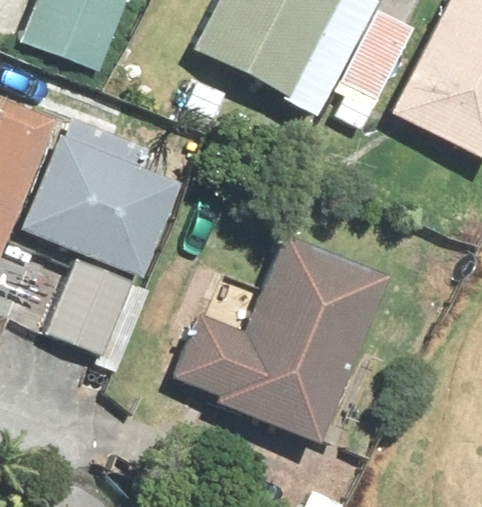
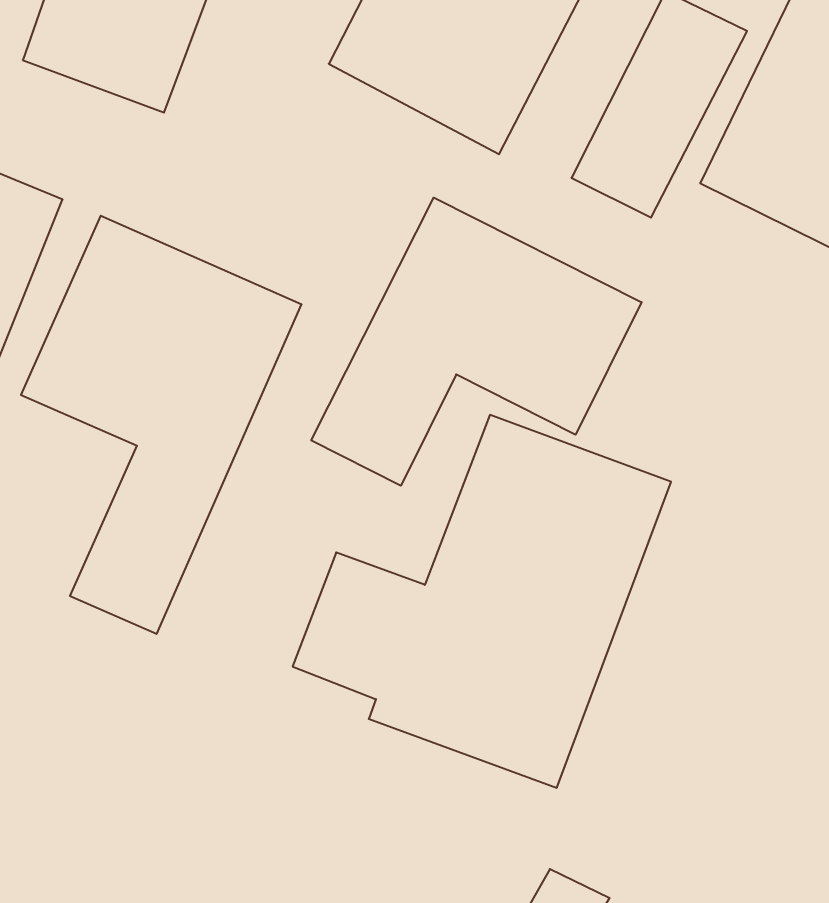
building: none -> [311,198,642,486]

